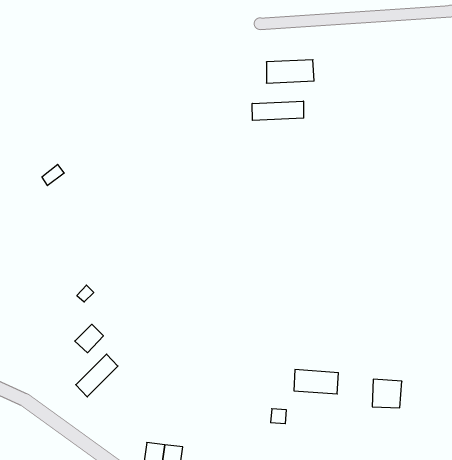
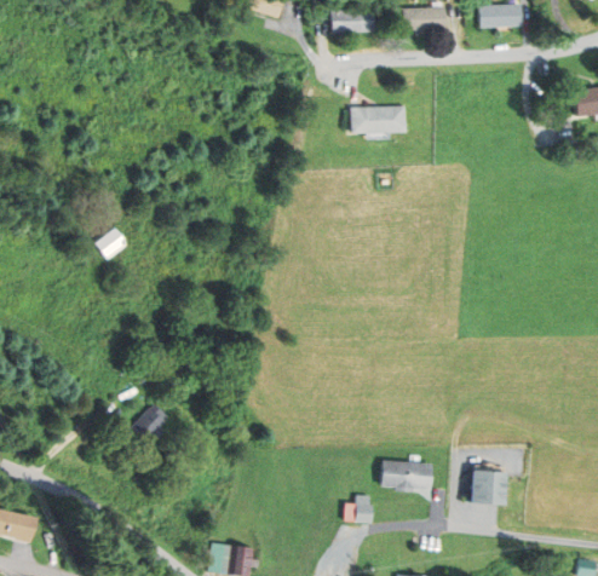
building: [252,101,304,120] -> none
building: [76,354,118,397] -> none

